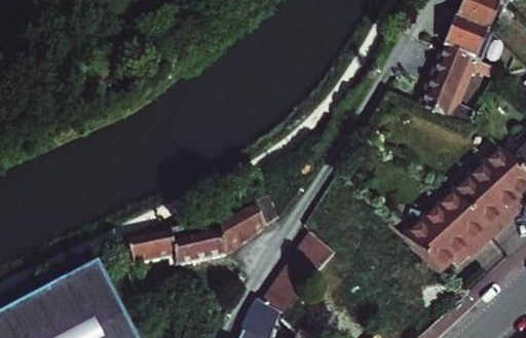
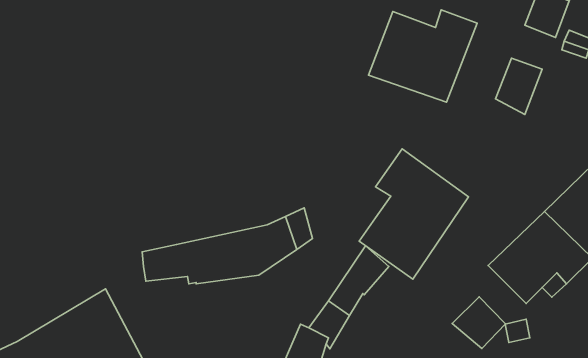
building: none -> [369,10,477,102]
building: [433,42,469,79] -> none
building: none -> [359,149,468,279]
building: none -> [452,297,506,348]

